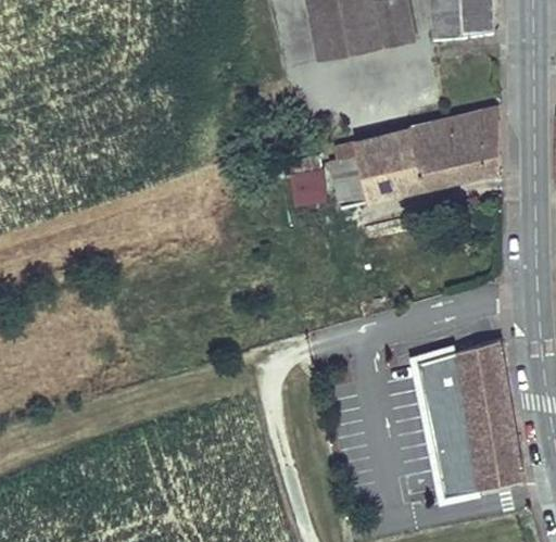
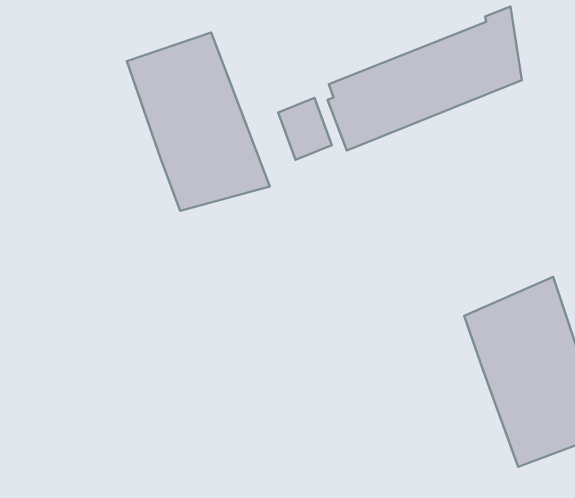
building: none -> [127,33,270,211]

